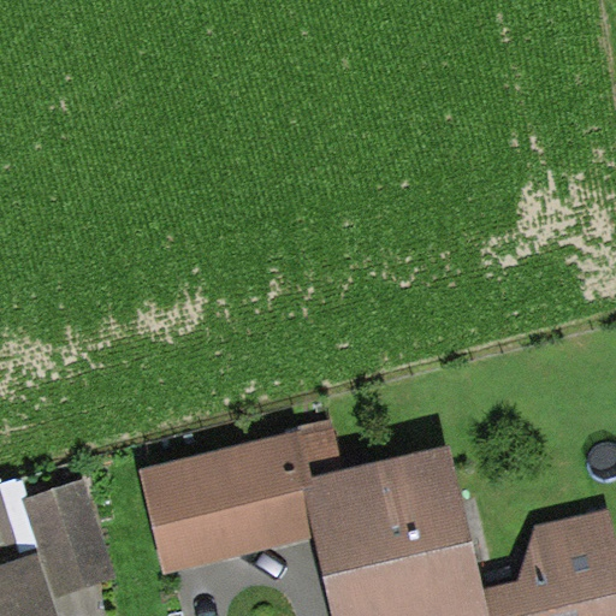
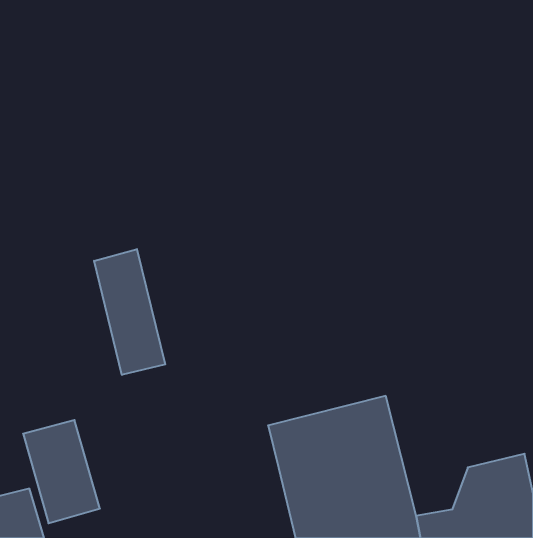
building: none -> [94,249,165,375]
building: [142,432,319,571] -> none

